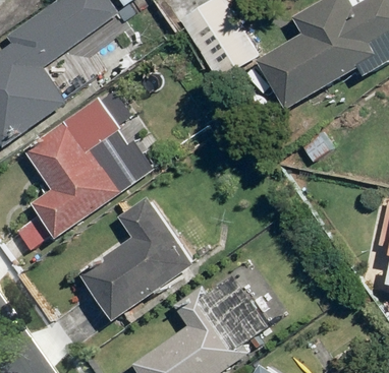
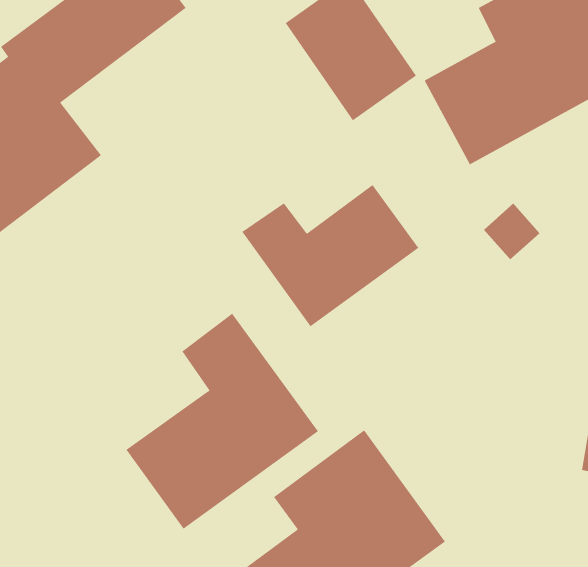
building: [14,92,133,249] -> none
building: none -> [241,184,419,327]

